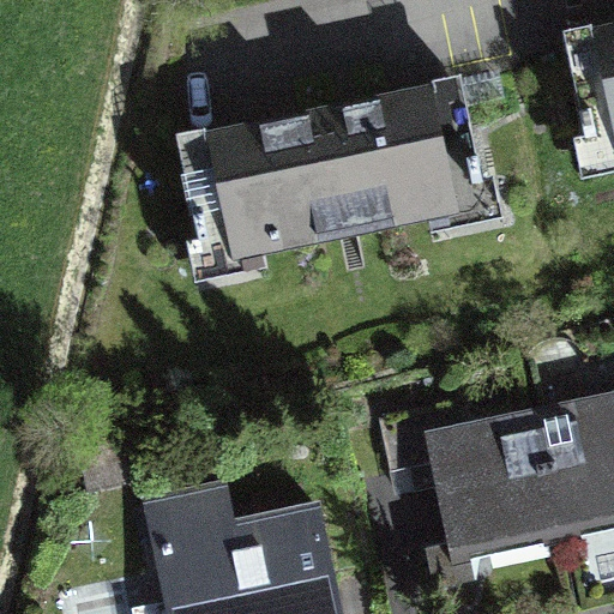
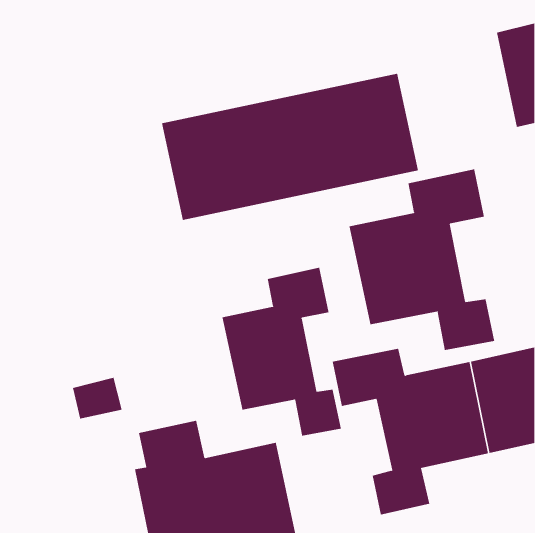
building: none -> [349,168,495,351]
building: none -> [222,267,341,437]

